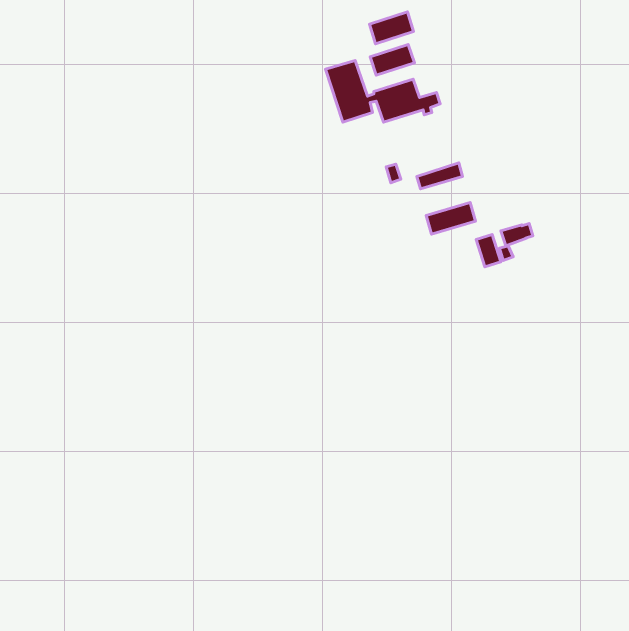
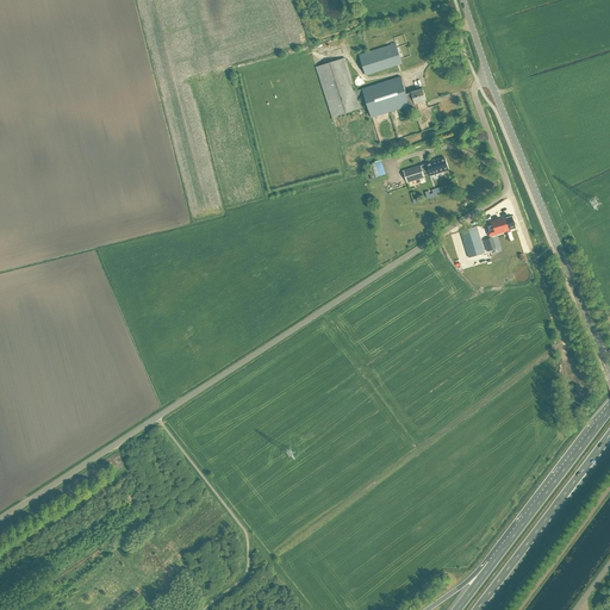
building: [369,12,414,44] -> none
building: [426,202,476,234] -> none

